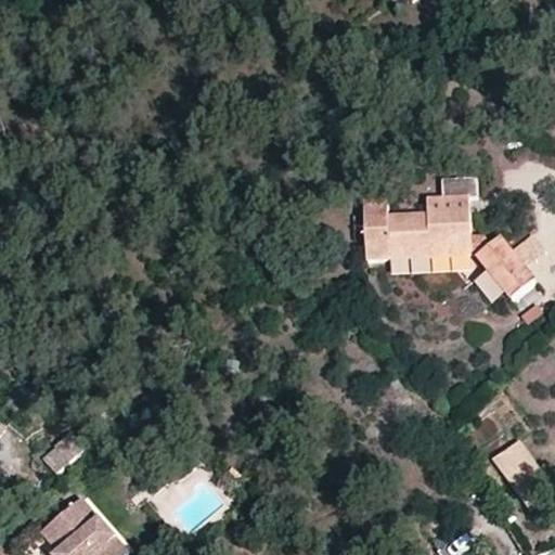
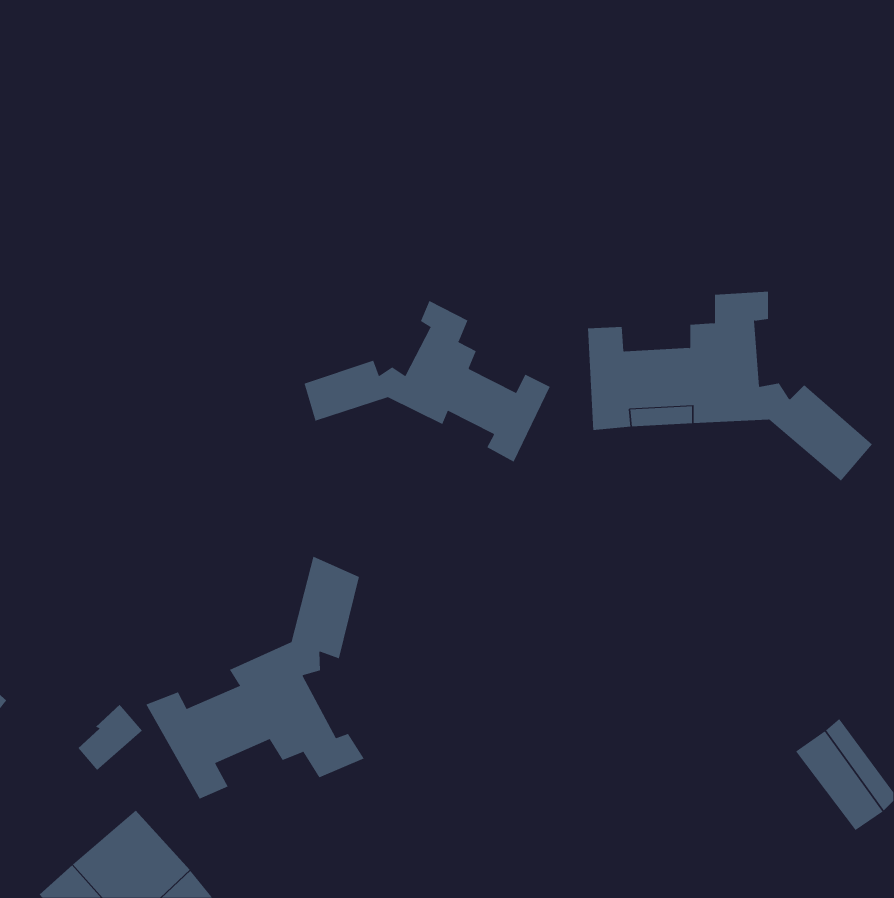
building: none -> [304,300,550,463]
building: none -> [146,556,364,800]

